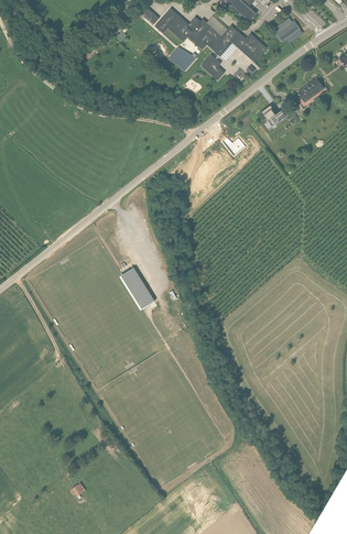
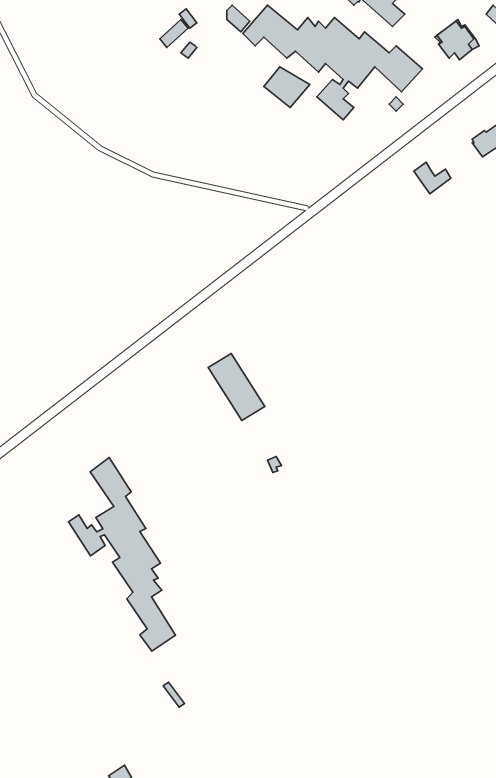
building: [119,268,154,309] -> [208,354,265,421]
building: none -> [68,458,175,651]

